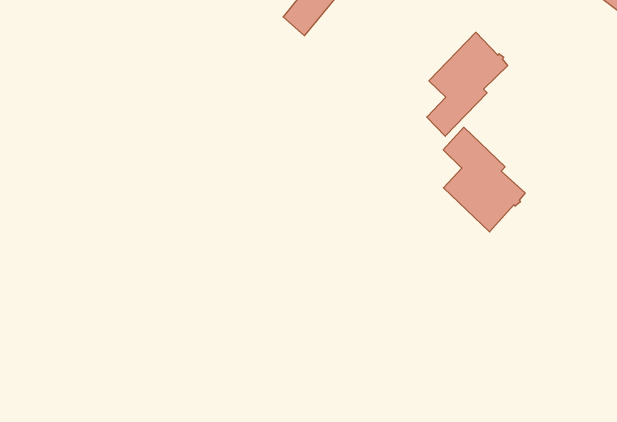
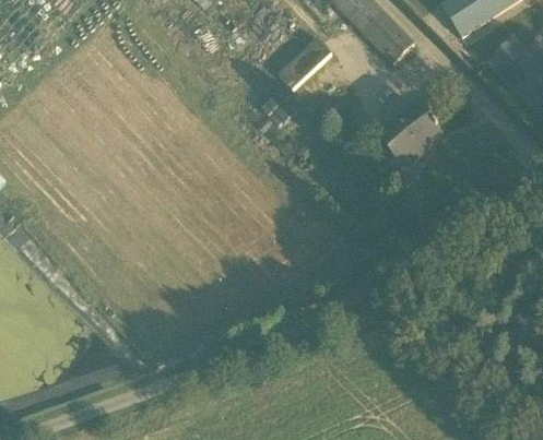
building: [443,127,525,232] -> none

